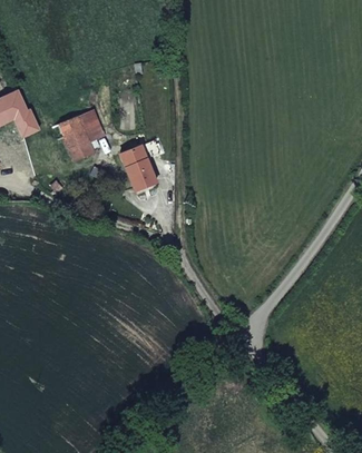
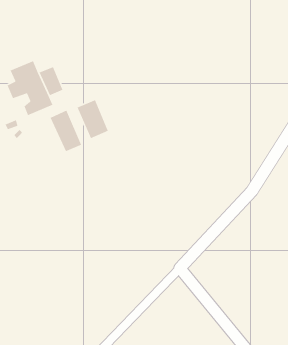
building: none -> [49,110,82,152]

